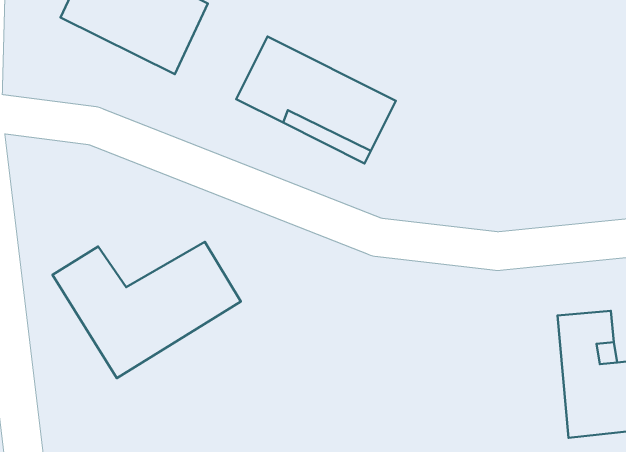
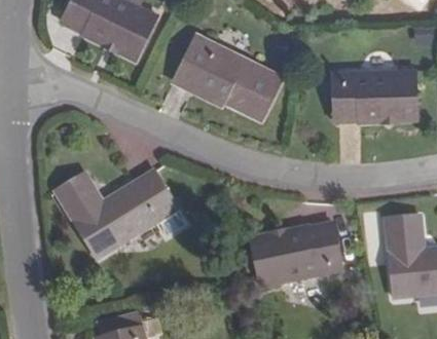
building: none -> [332,71,415,123]
building: none -> [250,221,341,288]

